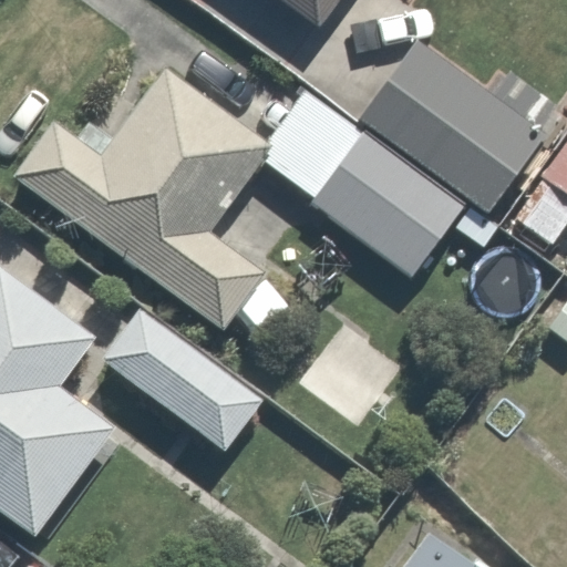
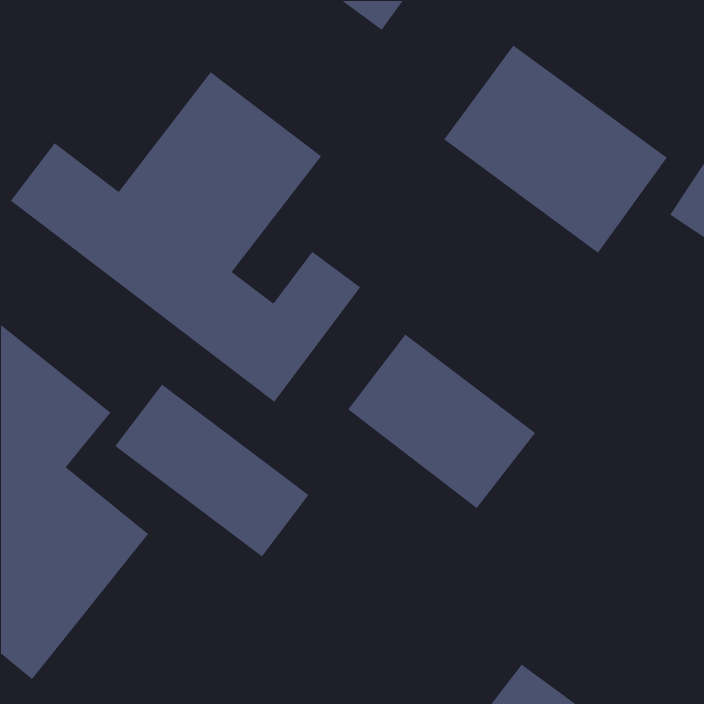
building: [260,99,460,276] -> none
building: none -> [347,333,536,509]

